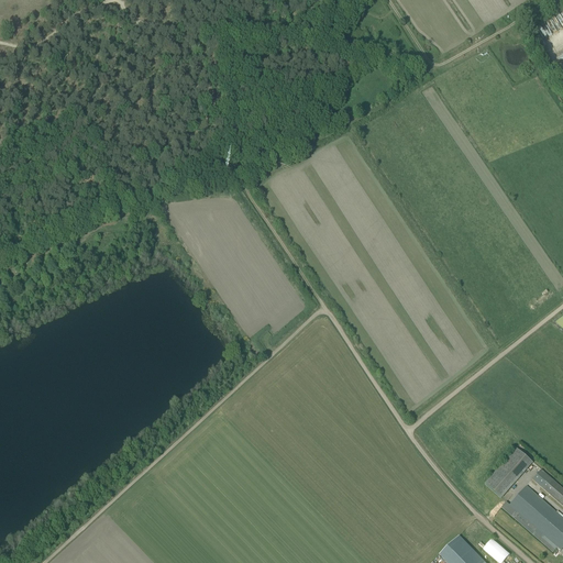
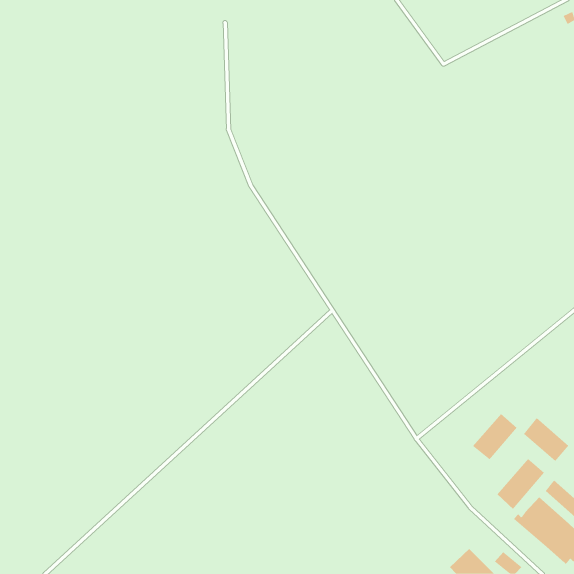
building: none -> [472,413,517,460]
building: none -> [523,417,569,462]

